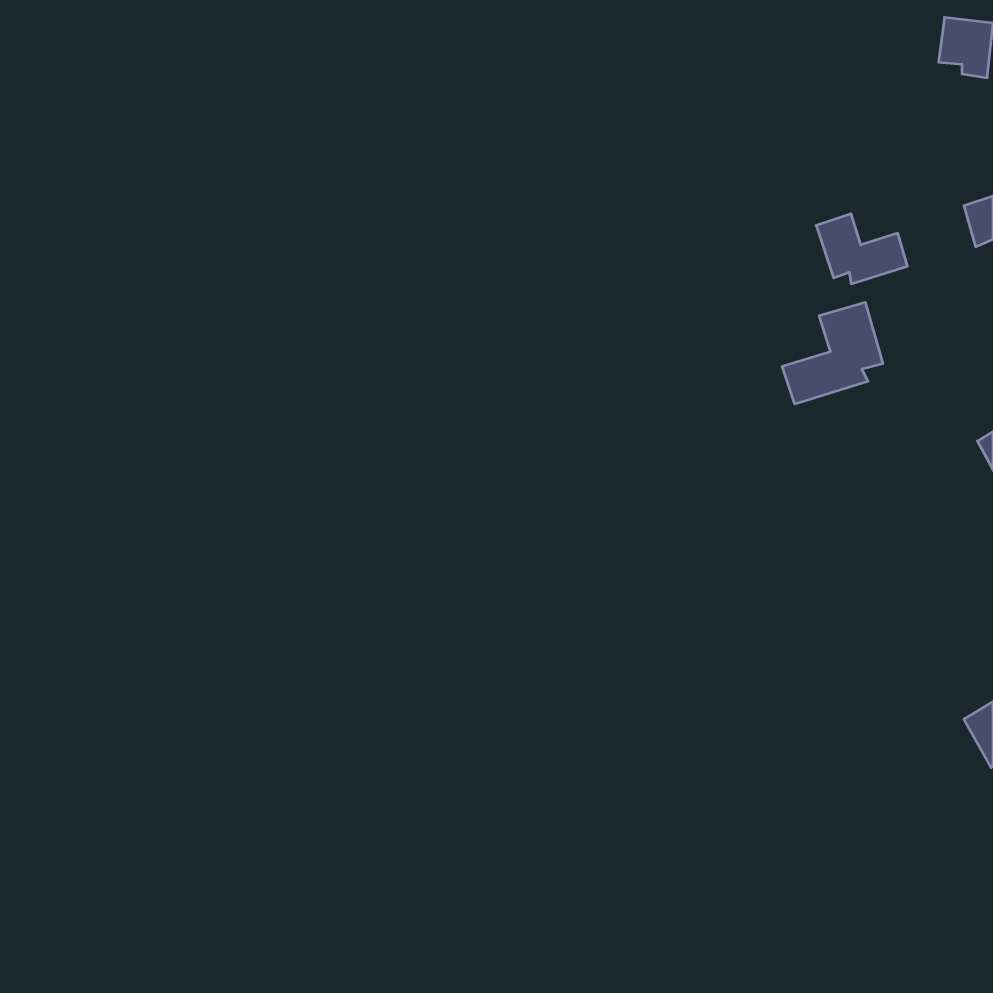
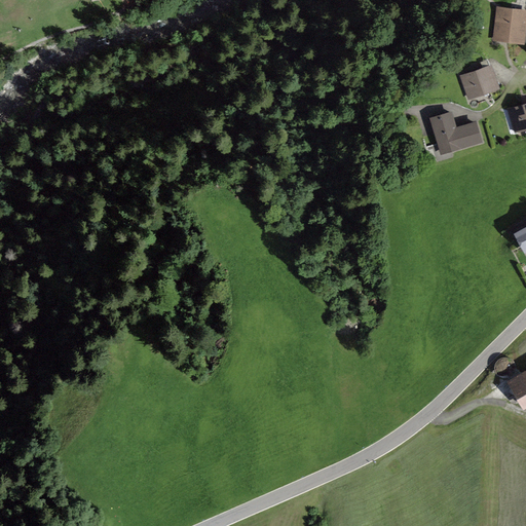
building: none -> [462,67,497,97]
building: [782,302,883,404] -> none

